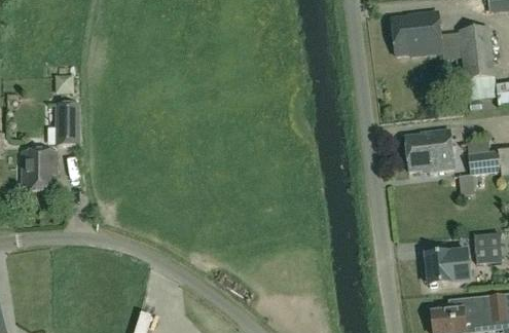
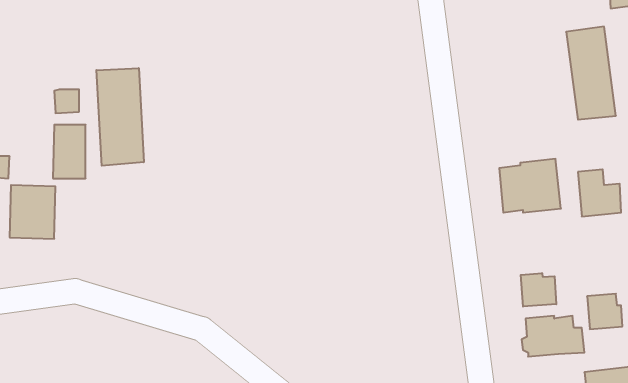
building: [391,11,442,56] -> none
building: none -> [96,68,144,166]
building: none -> [521,273,556,307]

